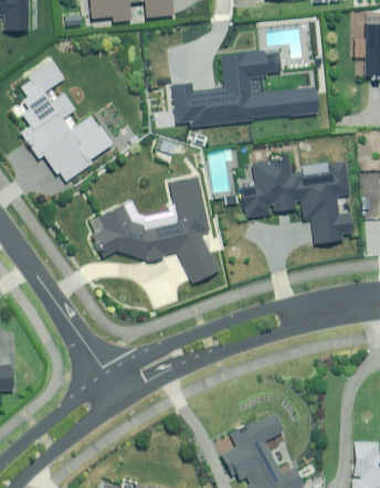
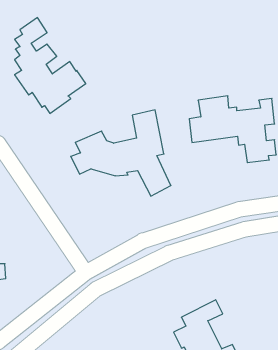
building: [172,51,316,127] -> none

